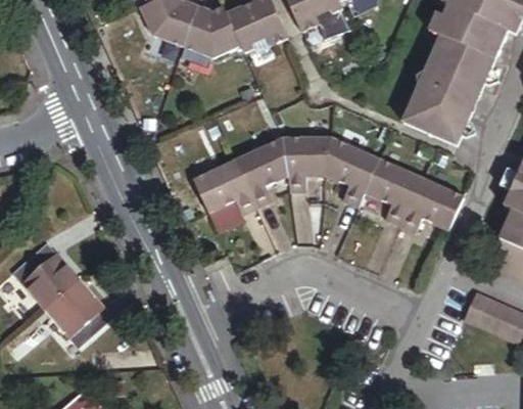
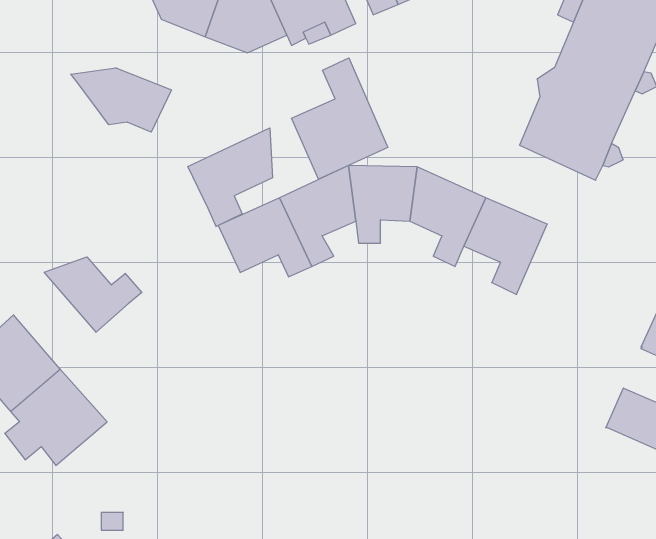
building: none -> [292,58,388,179]
building: none -> [71,68,172,132]
building: none -> [188,128,273,227]
building: [400,177,463,232] -> none
building: none -> [44,257,142,332]

